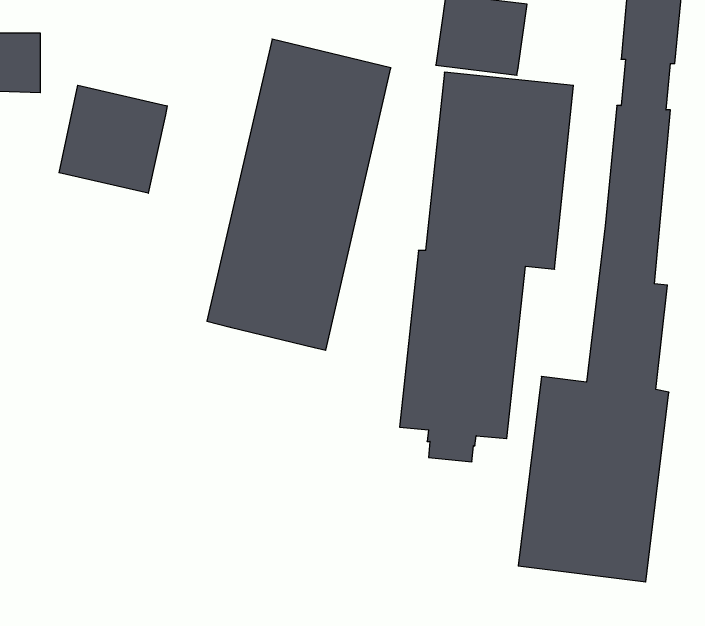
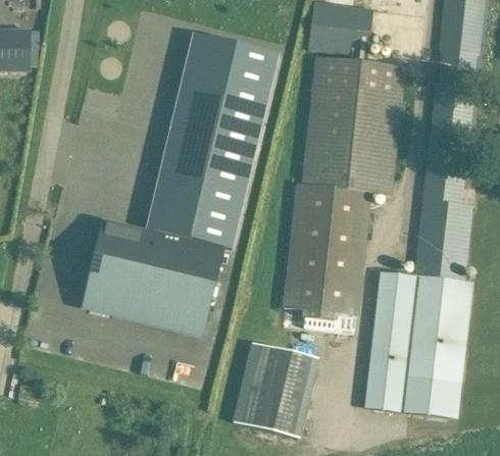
building: [59,85,167,193] -> none
building: none -> [84,221,222,328]
building: none -> [237,343,316,438]

